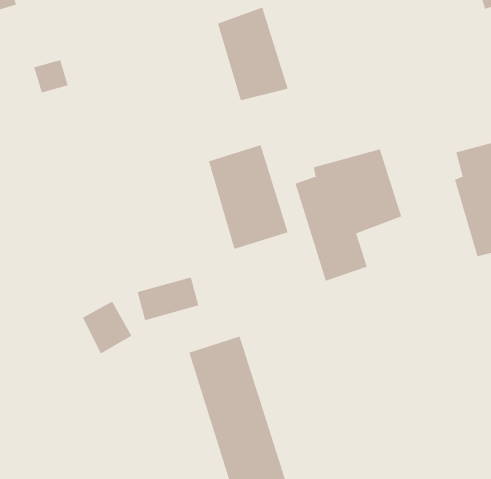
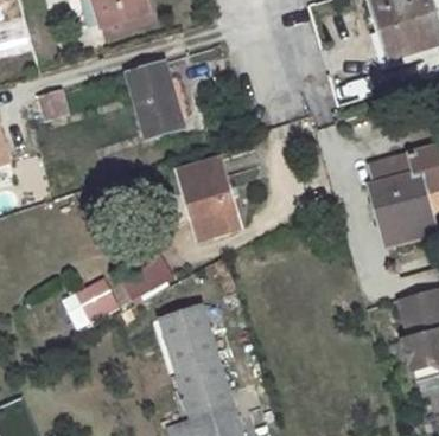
building: [217,7,289,101] -> [128,62,184,135]
building: [295,149,402,282] -> none

